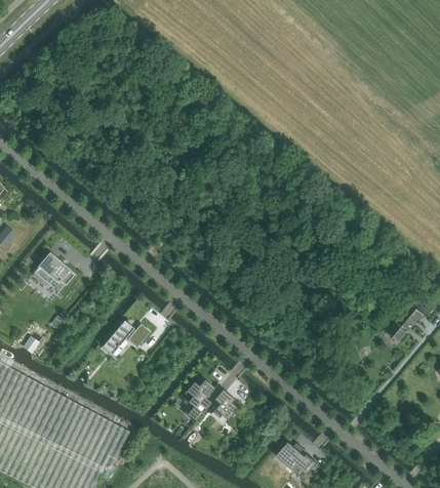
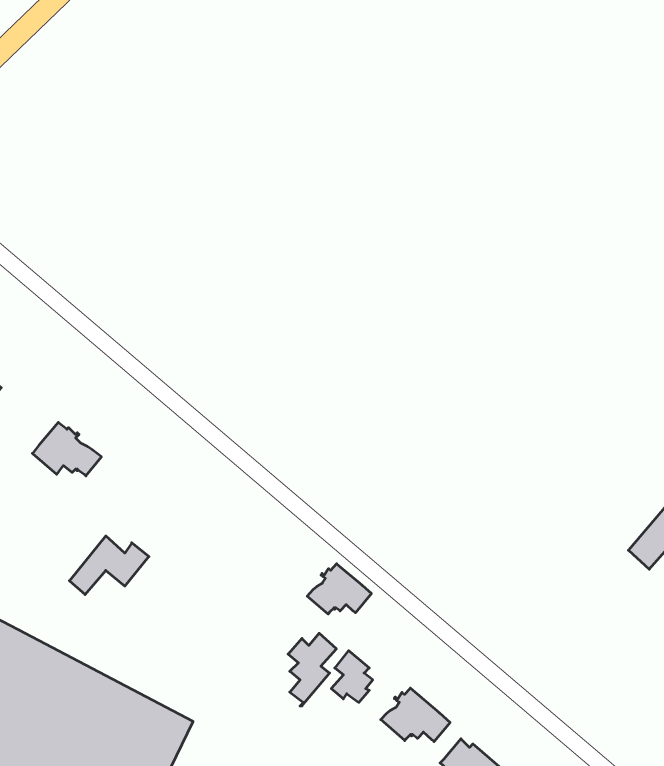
building: [103,320,150,355] -> [69,536,149,595]
building: none -> [307,564,371,614]
building: none -> [381,688,450,742]

